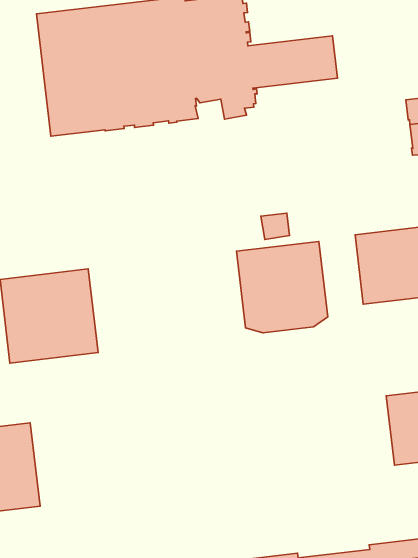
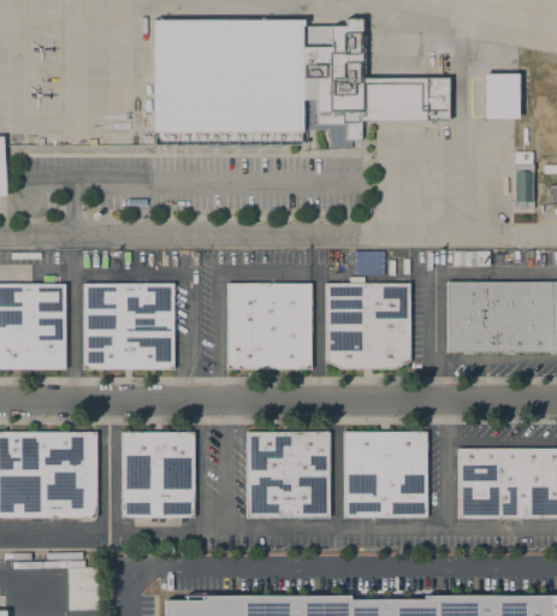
building: none -> [485,73,519,119]
building: none -> [227,283,312,369]
building: none -> [345,432,428,517]
building: none -> [248,432,331,517]
building: none -> [123,432,195,517]

